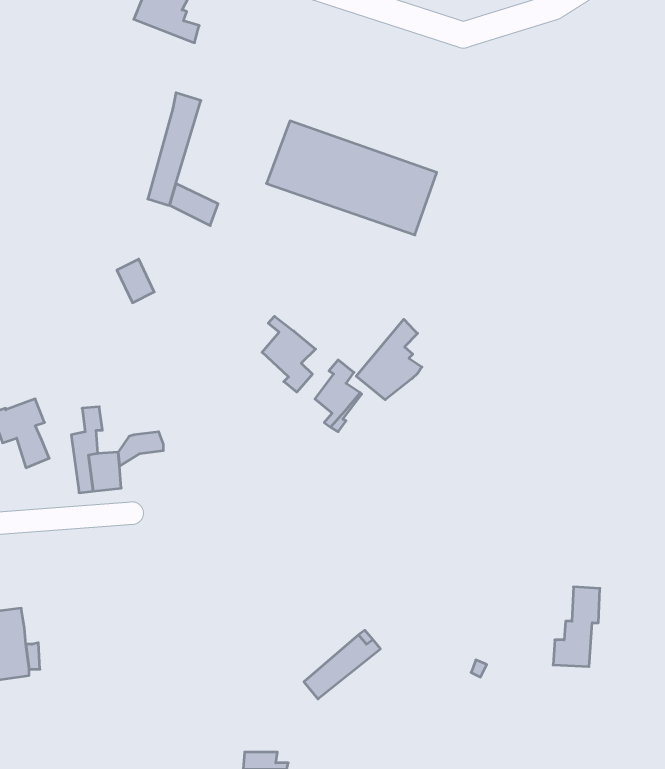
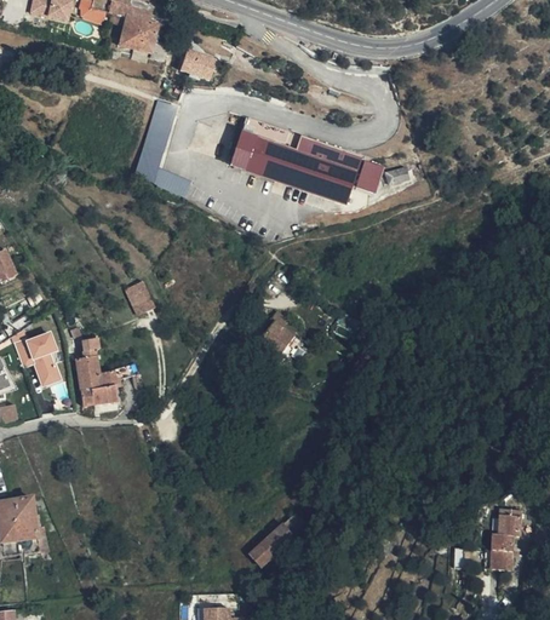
building: none -> [184,51,219,81]
building: none -> [351,160,379,191]
building: [117,259,154,303] -> [122,280,151,314]
building: [262,316,316,392] -> none
building: [356,319,422,400] -> none
building: [553,587,600,667] -> [486,509,522,570]

